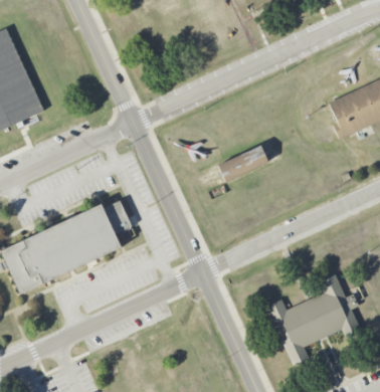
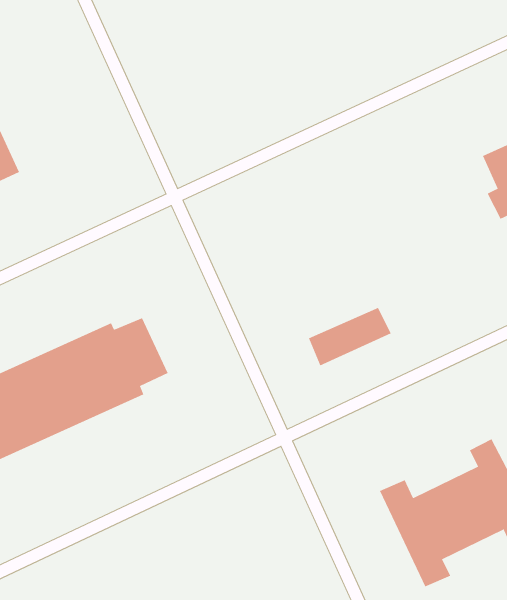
building: [217,147,268,183] -> [308,307,392,366]

